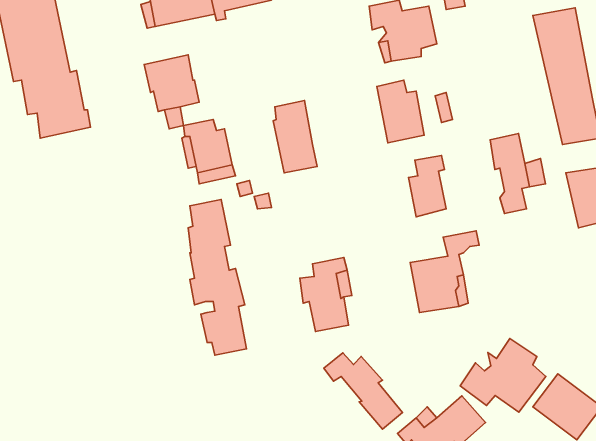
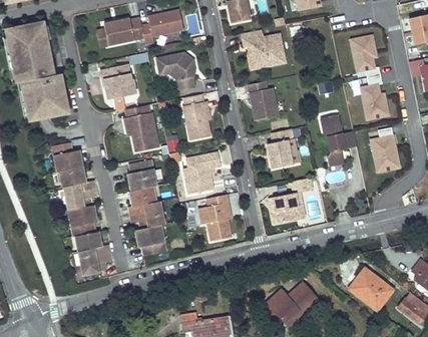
building: none -> [155,52,193,90]
building: none -> [51,139,111,273]
building: none -> [184,151,220,194]
building: [460,339,546,412] -> none
building: [324,353,402,429] -> none

